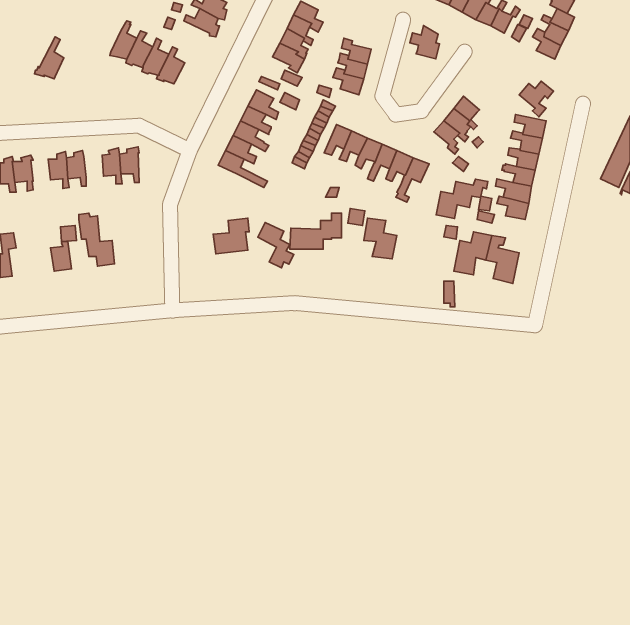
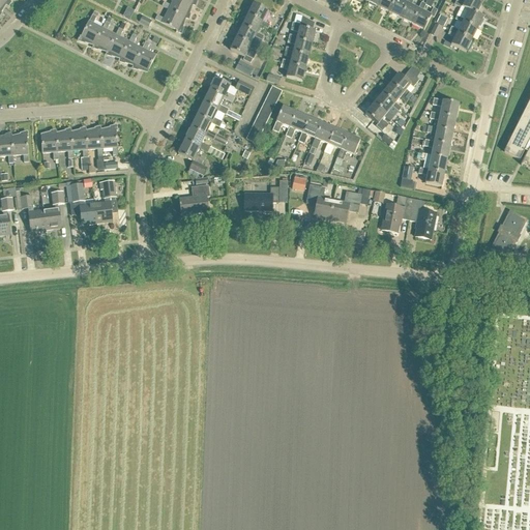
building: [410,25,440,59] -> [290,13,315,41]
building: [34,37,64,79] -> [77,8,101,43]
building: [519,81,554,117] -> [389,69,418,99]
building: none -> [70,125,88,165]
building: [436,179,488,218] -> [329,187,373,220]
building: none -> [94,179,115,222]
building: [258,222,294,268] -> [177,139,207,177]
building: none -> [16,189,46,230]
building: none -> [493,211,524,252]

